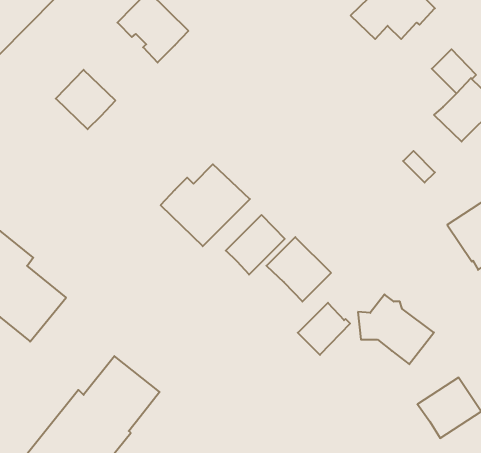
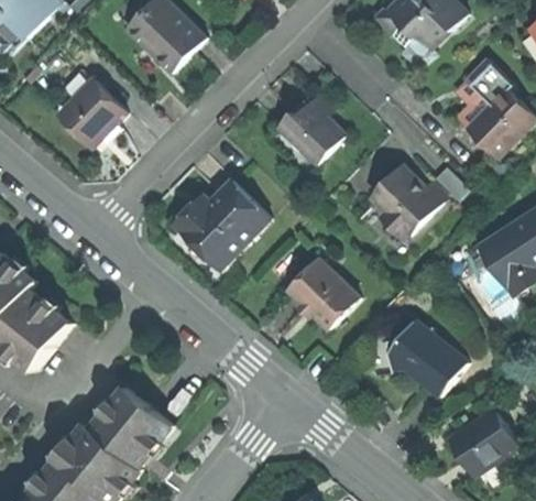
building: none -> [276,94,344,164]
building: none -> [369,164,446,238]
building: [226,215,285,275] -> none
building: [298,303,350,355] -> none

